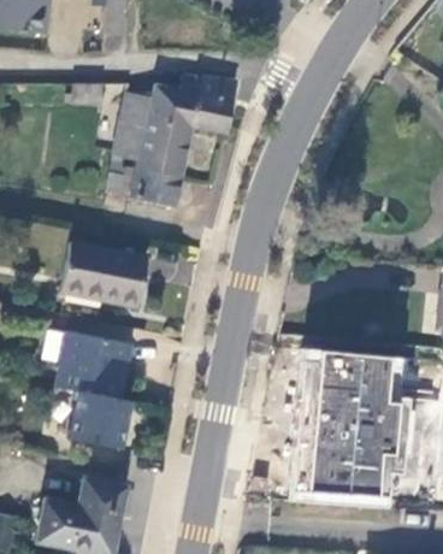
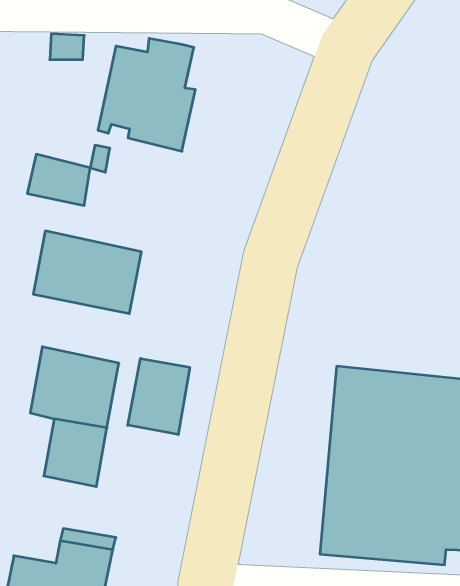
building: [179,73,236,132] -> none
building: [129,165,179,206] -> [27,154,90,205]
building: none -> [128,358,190,435]

